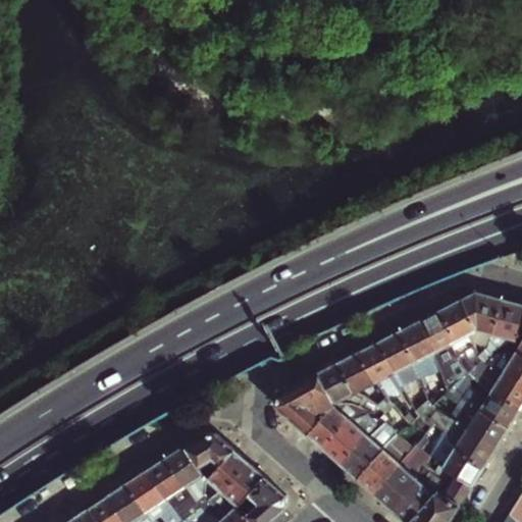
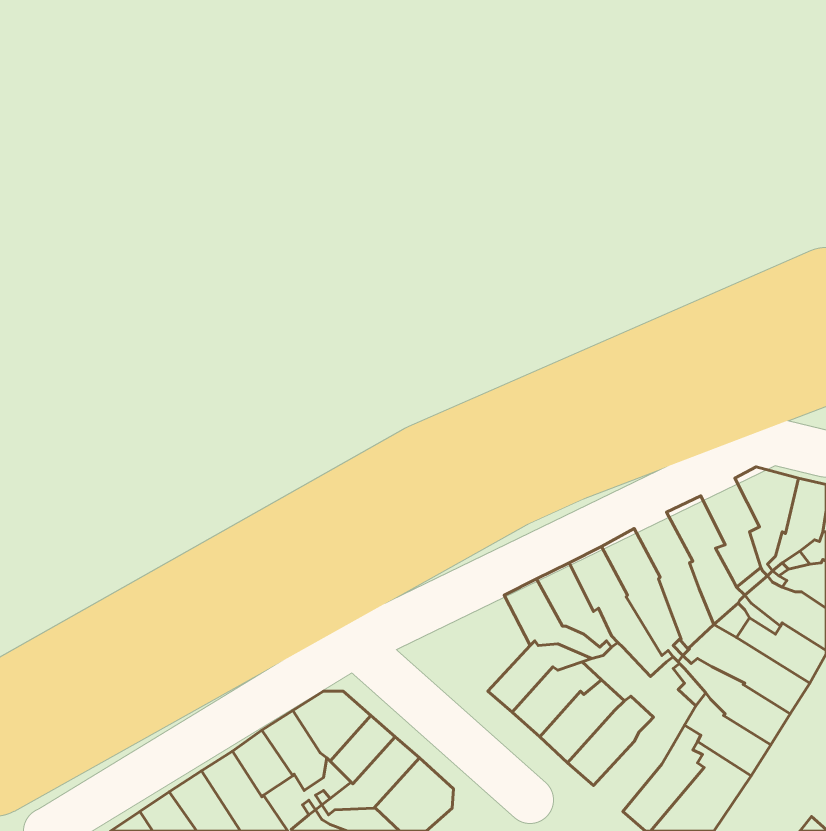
building: [439,300,476,364] -> none
building: [398,321,438,379] -> none
building: [275,373,332,433] -> none
building: [372,453,422,509] -> none

